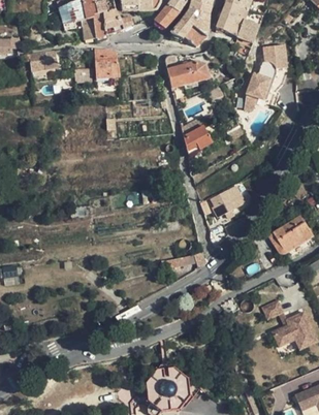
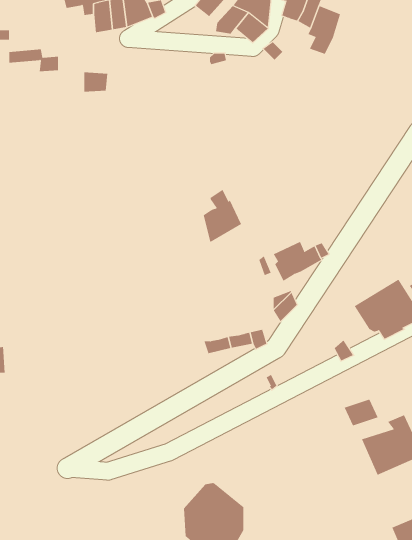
building: [244,42,287,108] -> none
building: [94,46,121,78] -> none
building: [167,60,210,87] -> none
building: [184,117,212,155] -> [203,189,242,243]

